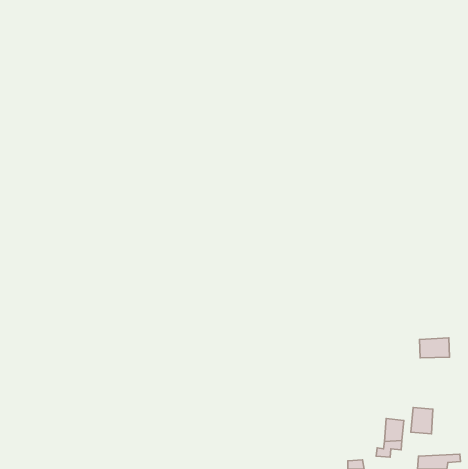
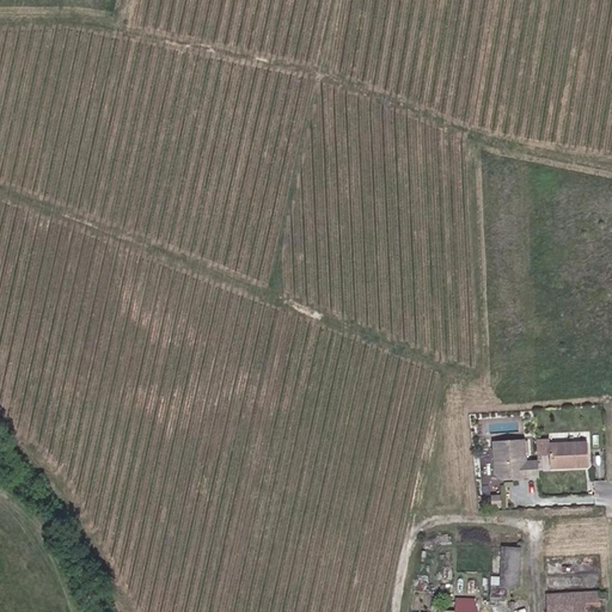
building: none -> [490,439,536,478]
building: [411,408,433,434] -> none

